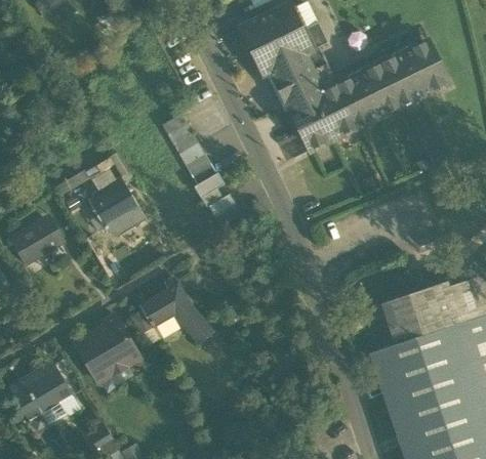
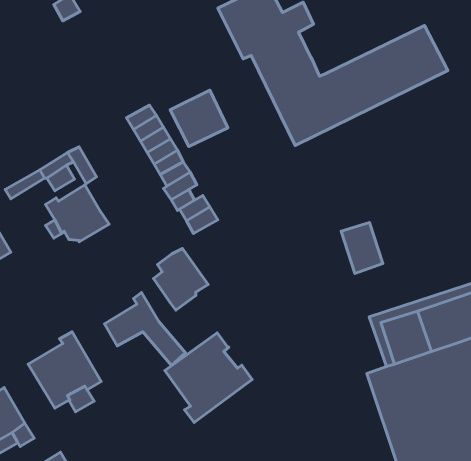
building: none -> [170,90,228,146]
building: none -> [341,222,383,274]
building: none -> [153,248,208,310]
building: none -> [165,333,252,422]

